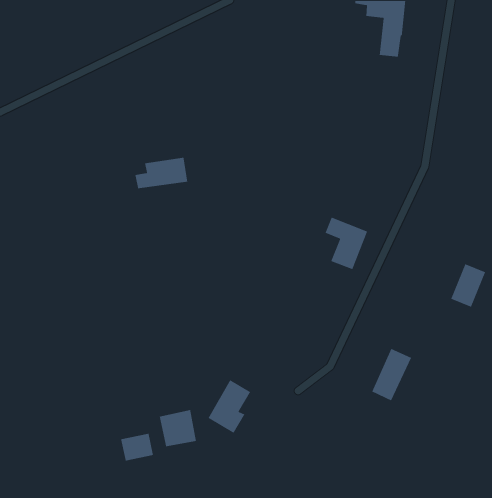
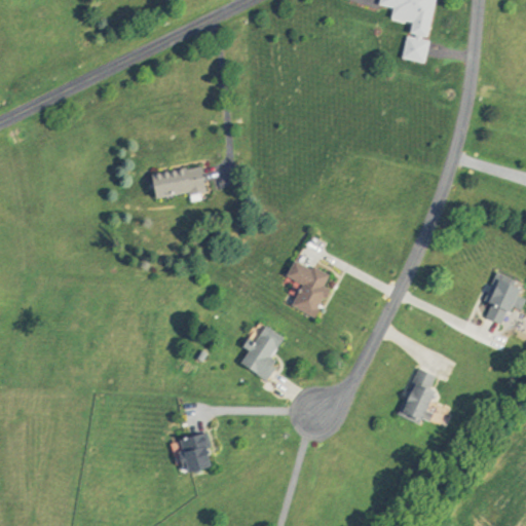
building: [324,217,368,270] -> [286,259,332,315]
building: [207,379,251,434] -> [239,324,286,381]
building: [120,433,154,462] -> none

